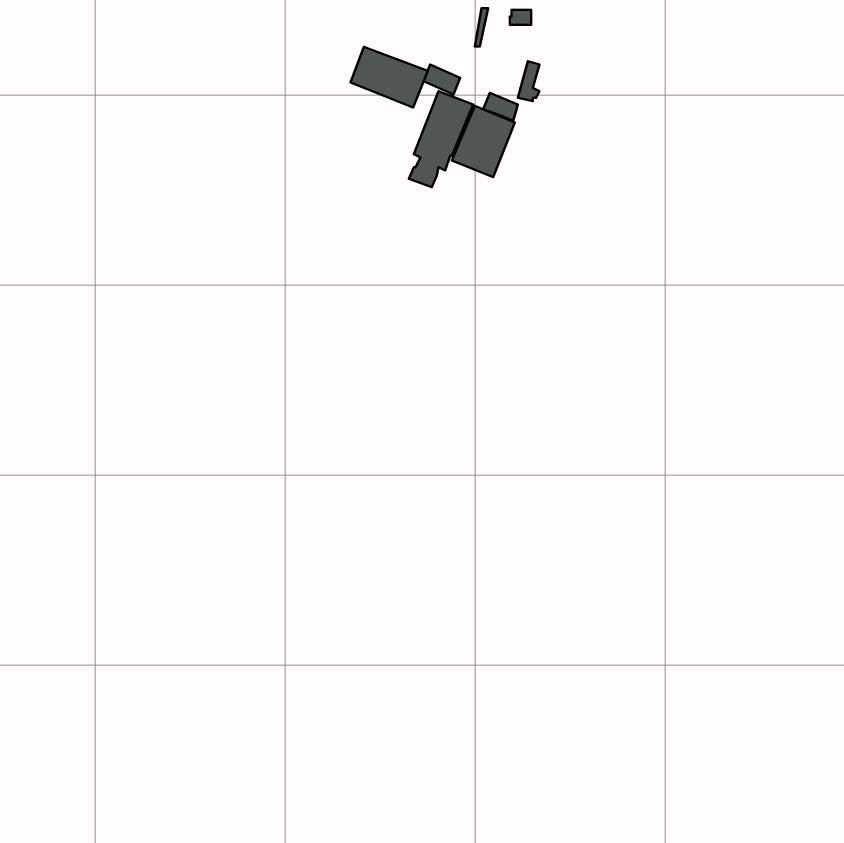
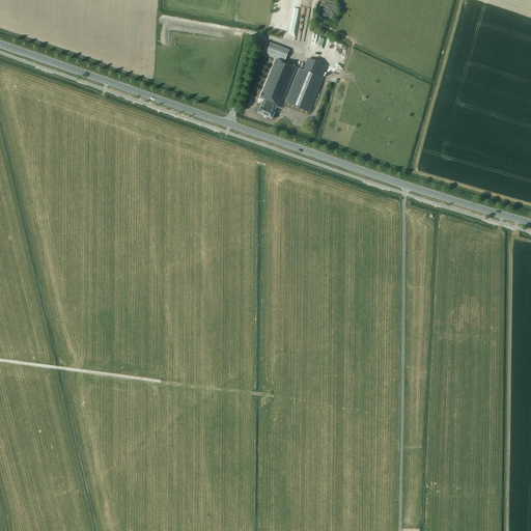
building: [350,47,428,108] -> none

